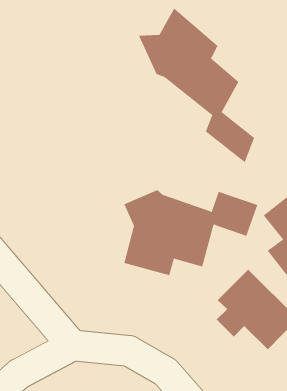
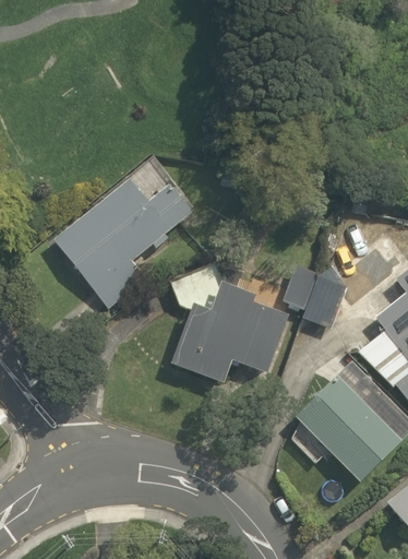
building: [138,7,255,163] -> none
building: none -> [51,156,201,312]

